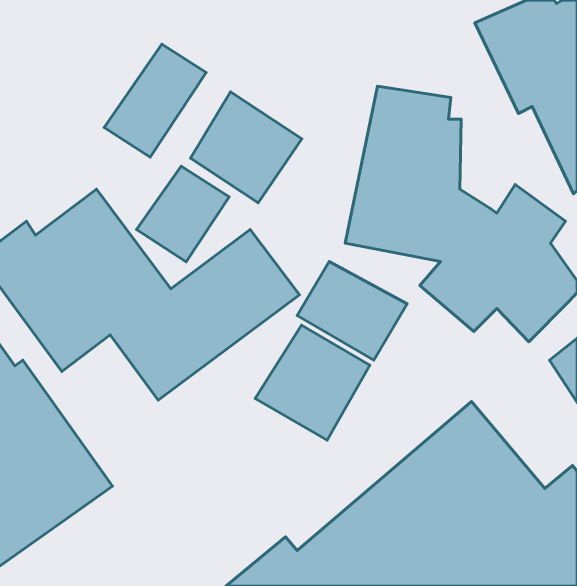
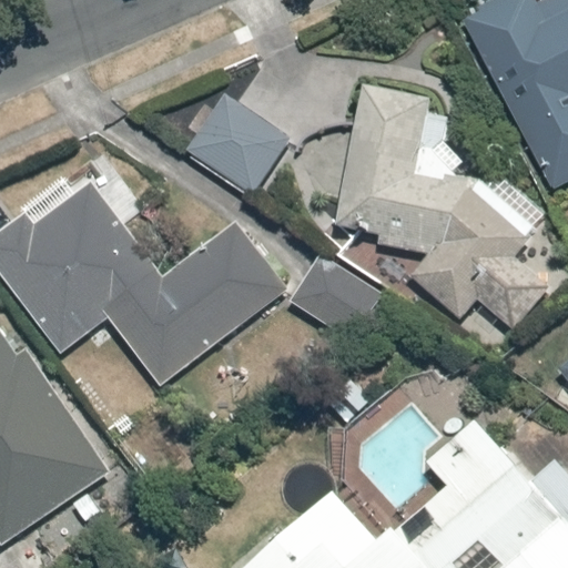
building: [104,44,206,157] -> none
building: [137,166,229,262] -> none
building: [255,325,370,440] -> none

